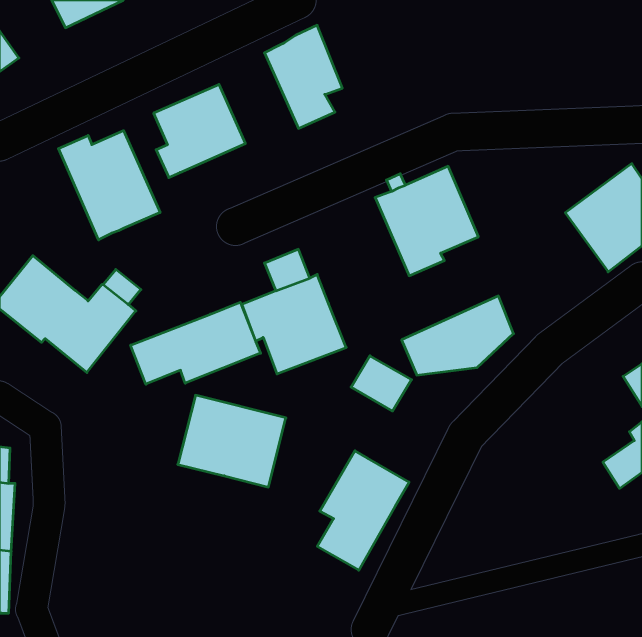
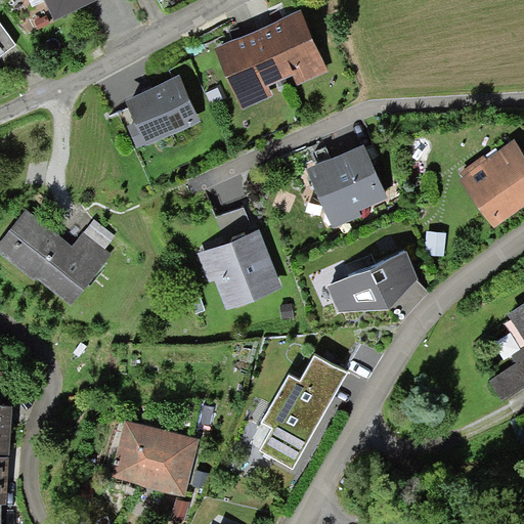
building: none -> [258,10,329,86]
building: [58,131,160,240] -> none
building: [131,302,261,384] -> none
building: [351,356,412,411] -> [299,352,348,397]
building: [178,395,286,487] -> [111,420,199,494]

